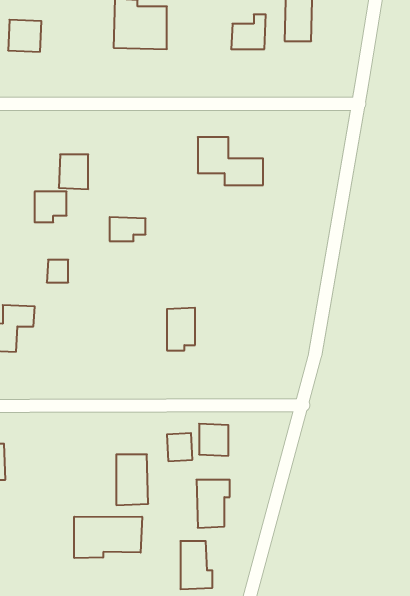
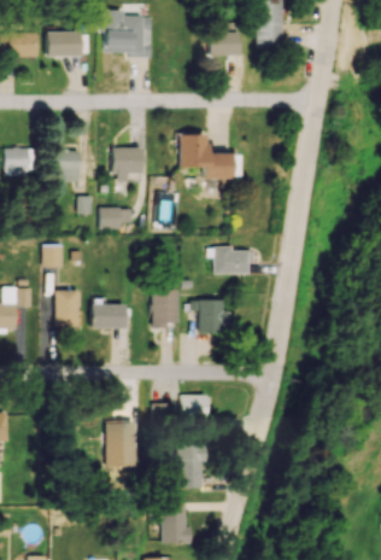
building: none -> [47,31,81,57]
building: none -> [113,148,142,182]
building: [35,192,67,222] -> [6,148,35,176]
building: none -> [209,247,252,274]
building: none -> [55,291,80,326]
building: none -> [192,299,225,332]
building: none -> [92,305,124,328]
building: [74,517,142,558] -> none

